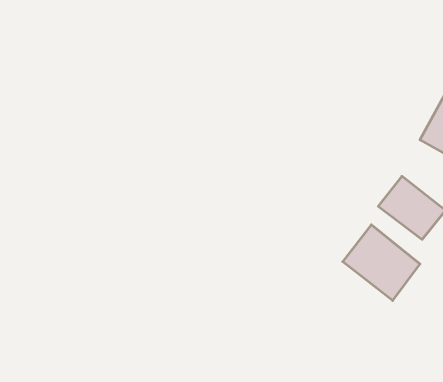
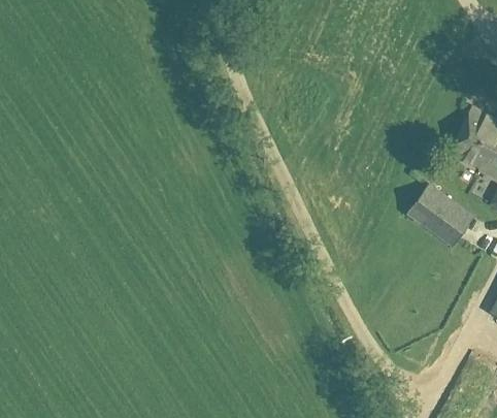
building: [343,225,420,301] -> none

